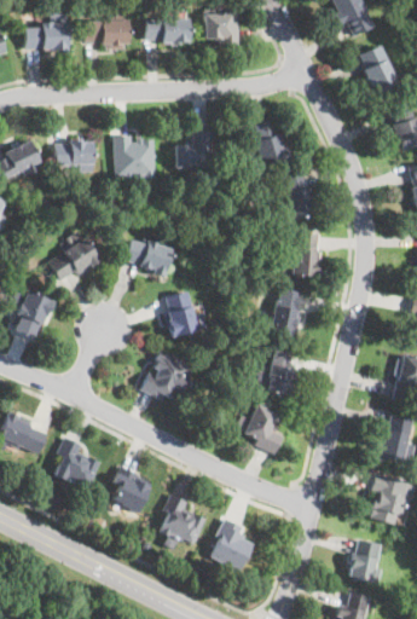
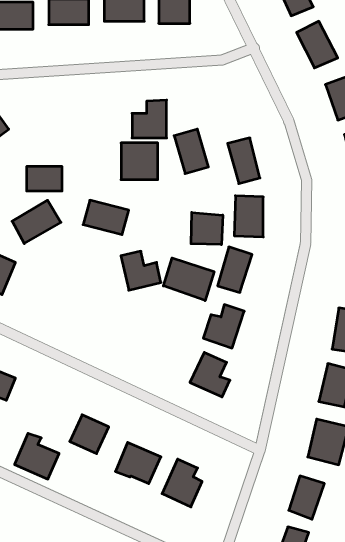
building: [251,116,289,164] -> [174,129,208,174]
building: [116,135,156,175] -> [121,143,158,180]
building: [56,141,94,168] -> [27,167,62,191]
building: none -> [191,212,223,245]
building: none -> [163,258,214,301]
building: [141,348,195,404] -> none
building: [53,439,102,488] -> [15,433,59,479]

